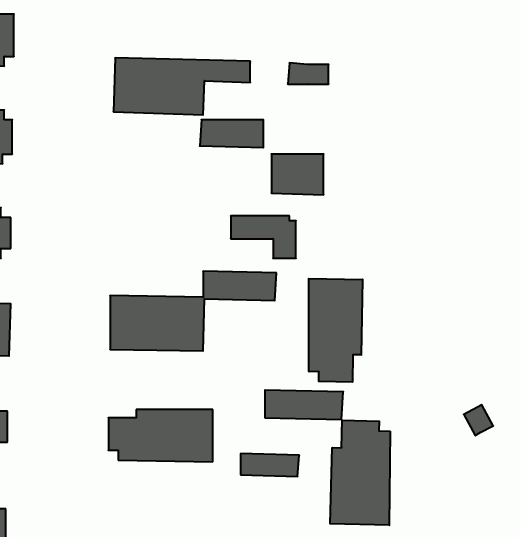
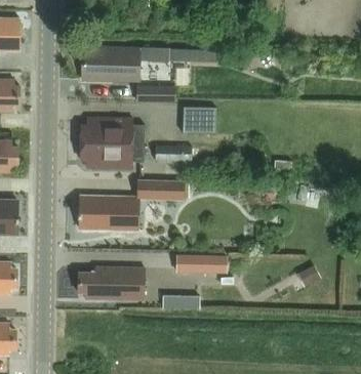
building: none -> [81,119,145,168]
building: [309,279,363,382] -> none
building: [330,420,390,525] -> none

